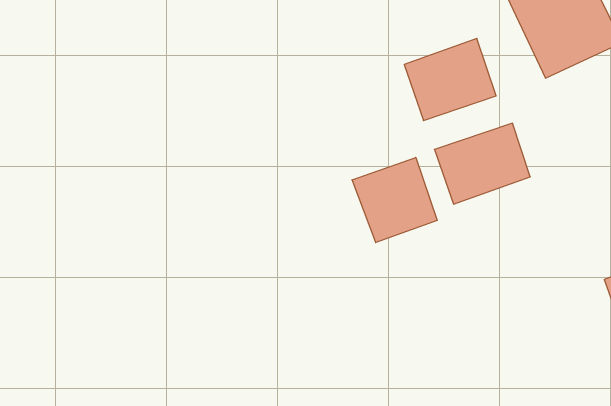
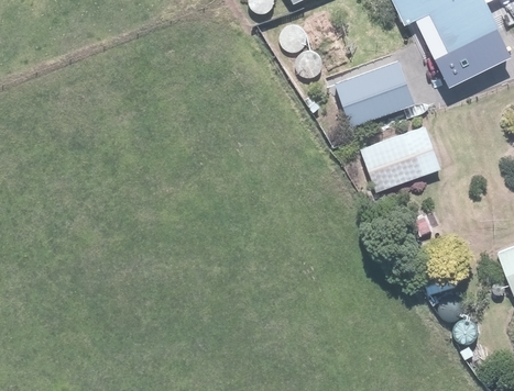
building: [352,157,437,243] -> none

